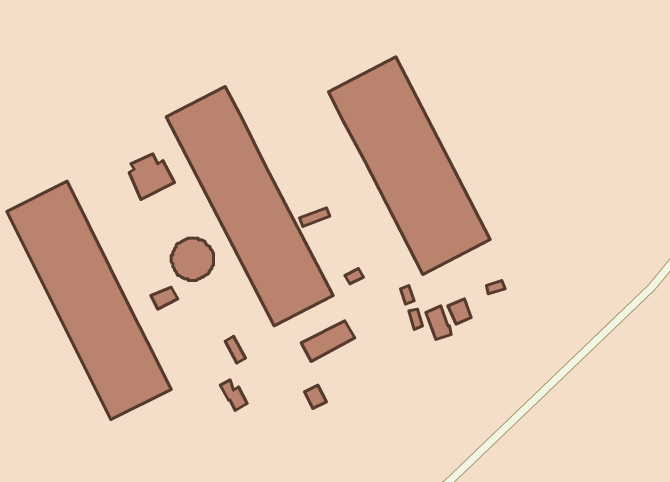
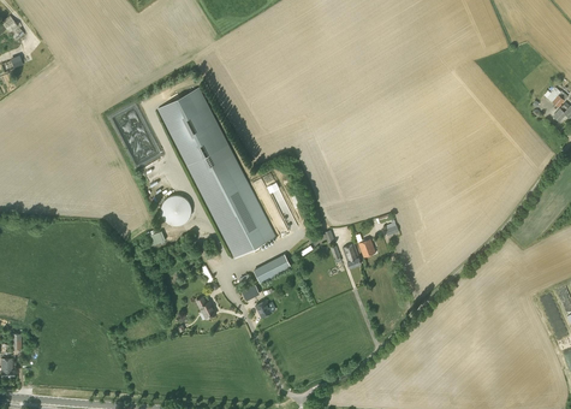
building: [328,57,490,275] -> none
building: [7,181,171,420] -> none

